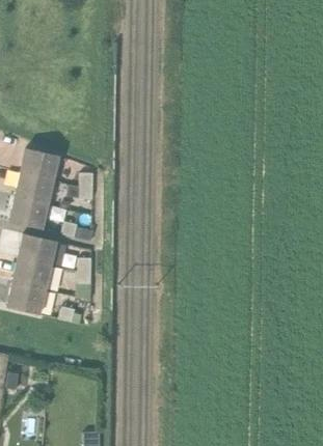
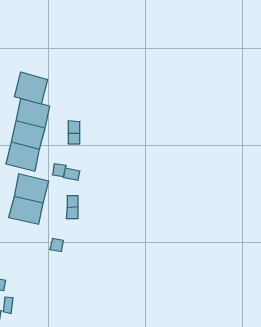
building: none -> [15,72,47,104]
building: [7,283,47,315] -> none

